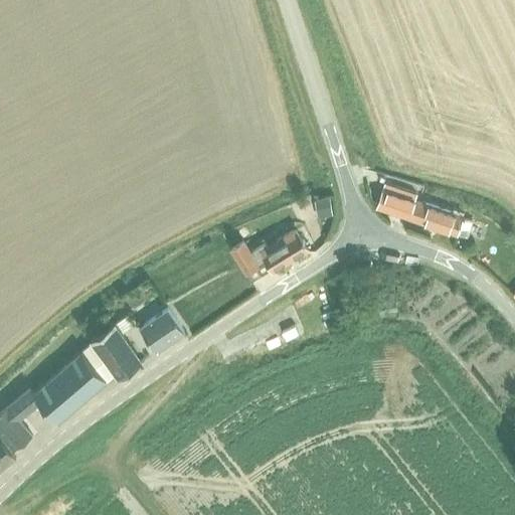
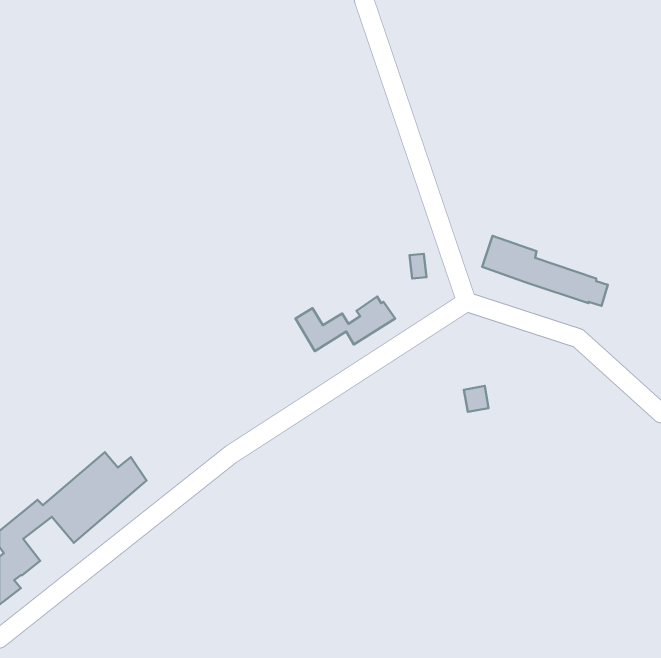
building: [138,310,184,355] -> none
building: [91,321,141,381] -> none

